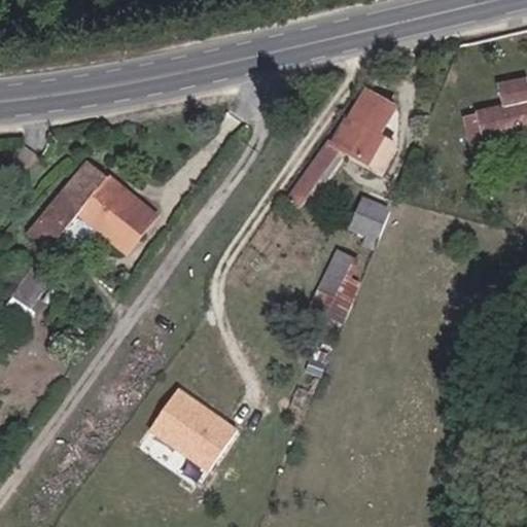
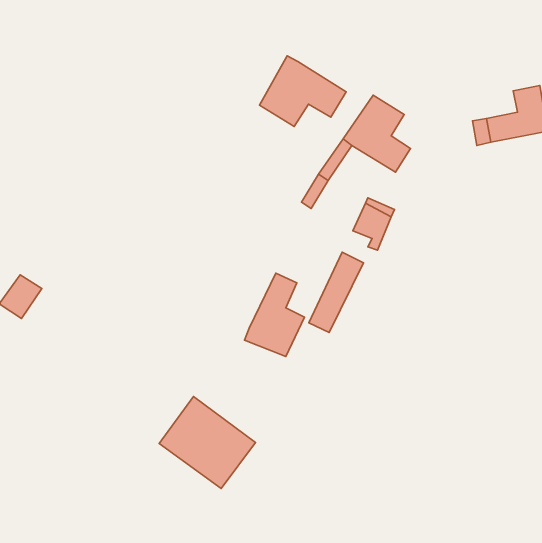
building: none -> [260,56,346,126]
building: [27,160,157,256] -> none
building: none -> [245,273,304,357]

